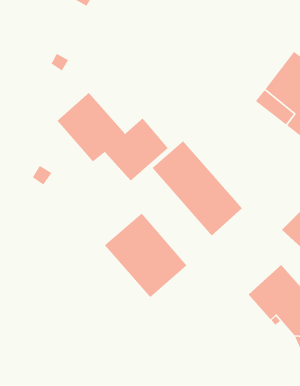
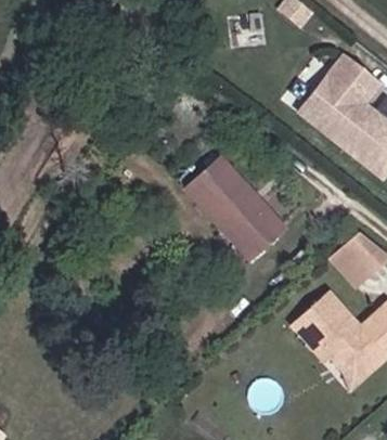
building: [56,92,169,181] -> none
building: [104,213,187,298] -> none

